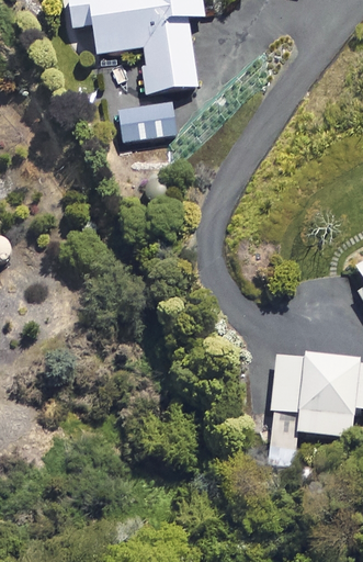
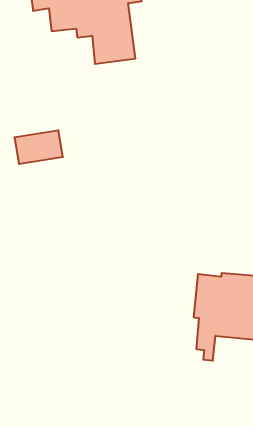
building: [120,97,180,138] -> [14,130,63,164]

